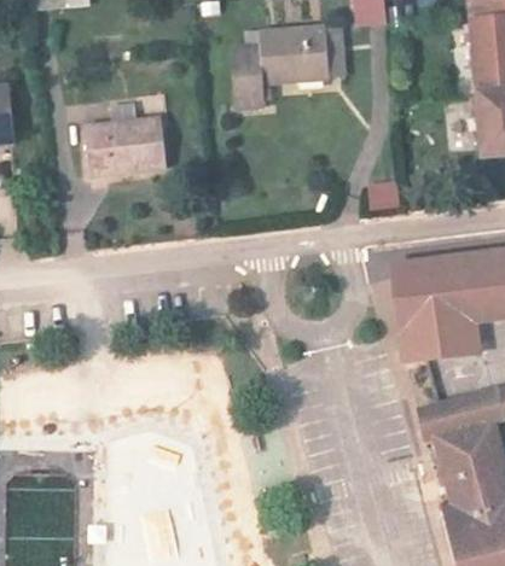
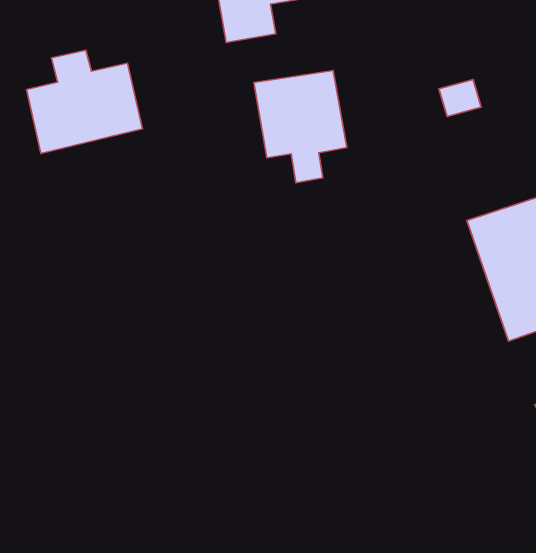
building: none -> [254,70,347,183]

